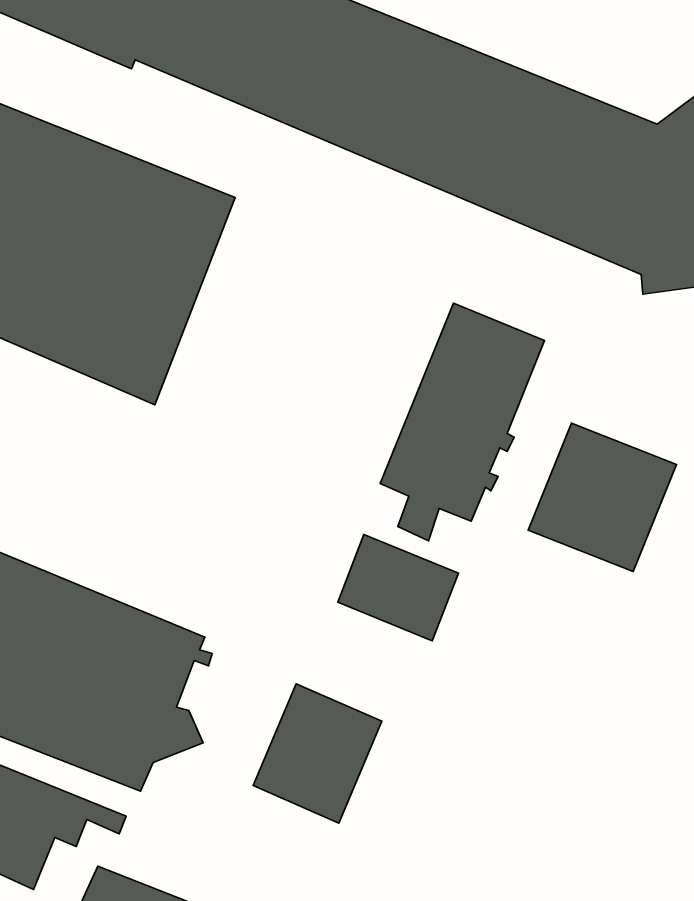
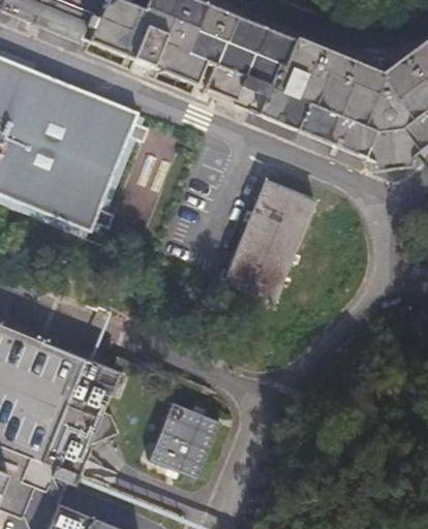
building: [528,423,677,571] -> none
building: [338,535,458,641] -> none

